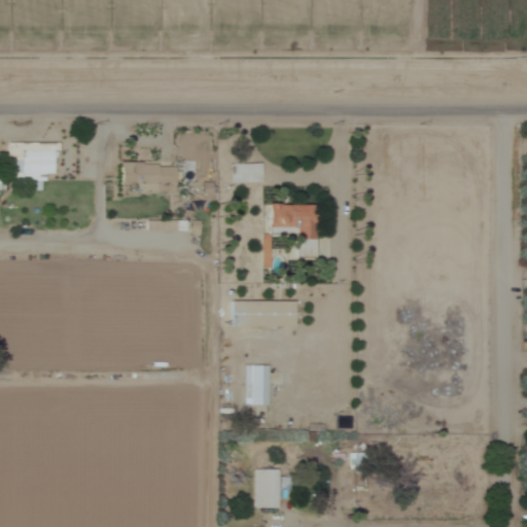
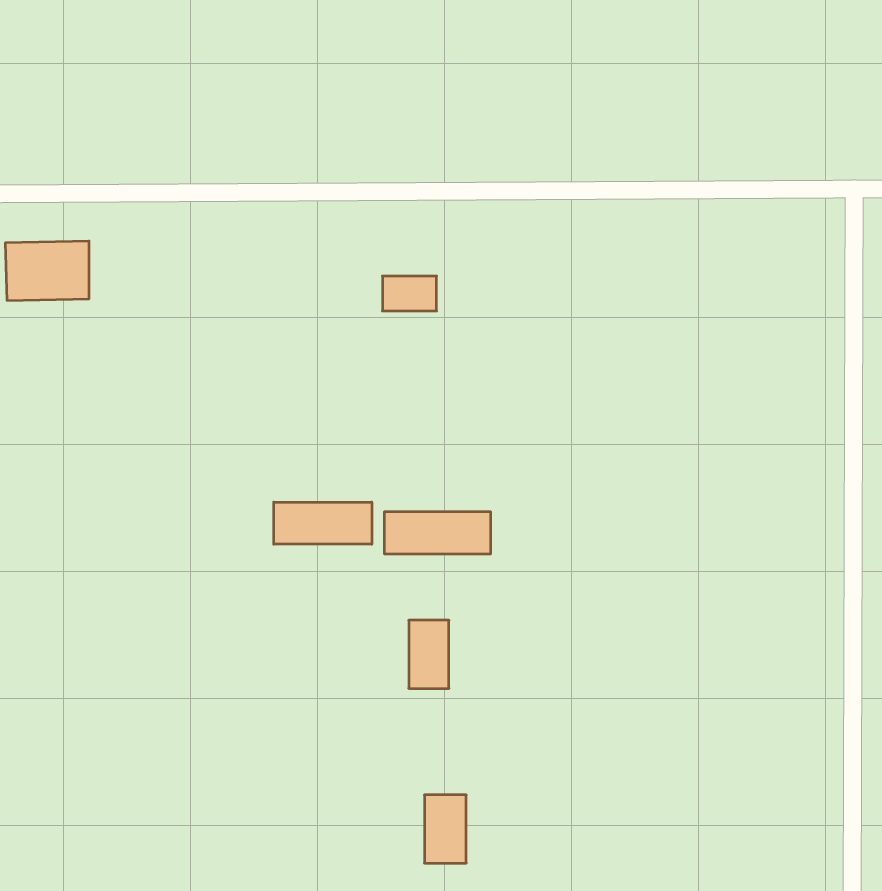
building: [126,163,169,191] -> none
building: [268,204,317,259] -> none
building: none -> [274,502,372,544]

